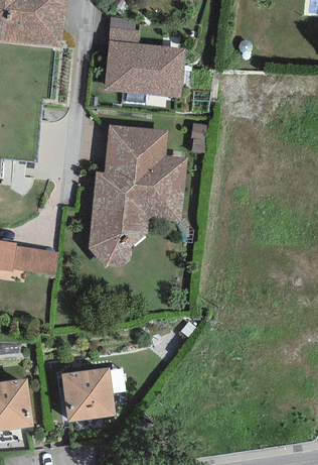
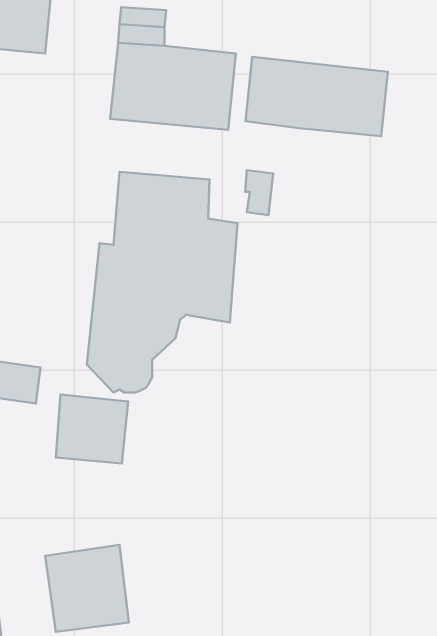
building: none -> [246,57,388,136]
building: none -> [56,395,128,464]

